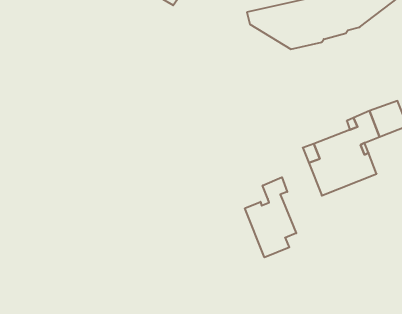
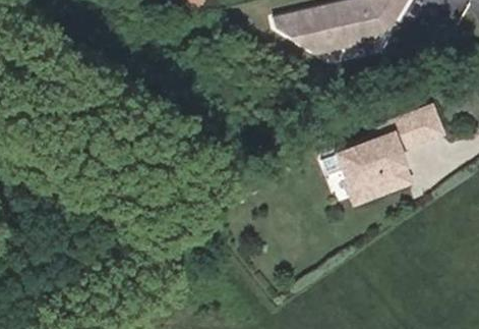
building: [245,177,296,257] -> none

